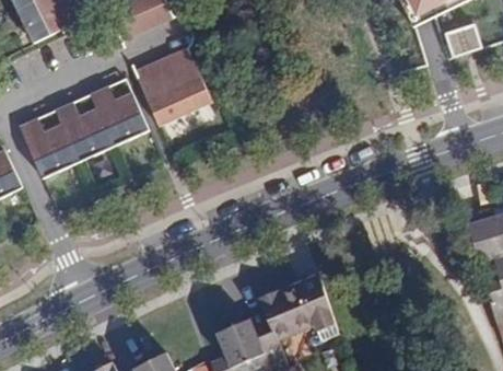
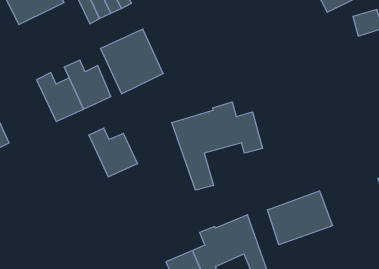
building: [20,116,80,176] -> [89,128,138,177]
building: none -> [172,102,262,190]
building: none -> [267,191,332,245]

